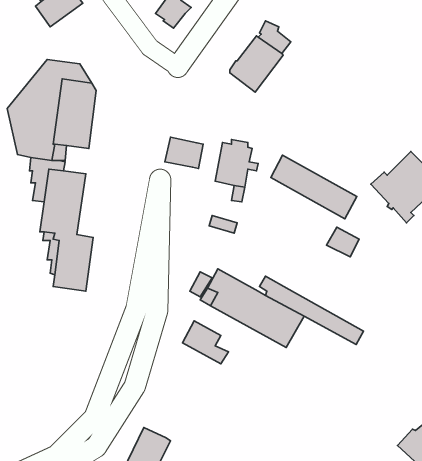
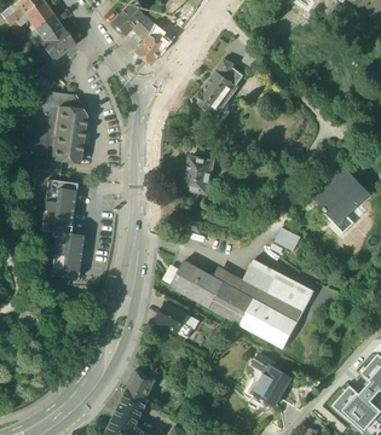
building: [165,137,203,168] -> none
building: [271,155,357,219] -> [243,259,313,311]
building: none -> [241,298,298,347]
building: none -> [252,354,293,407]
building: none -> [125,367,157,398]

